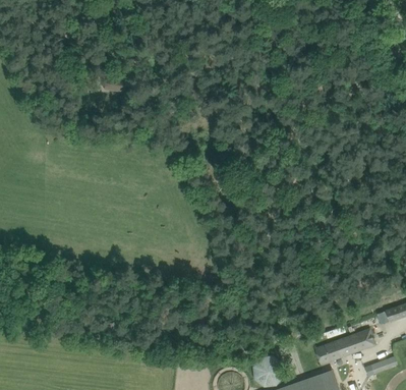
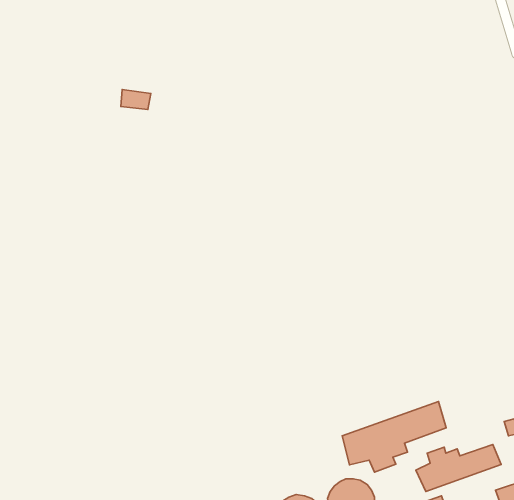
building: none -> [342,401,446,472]

